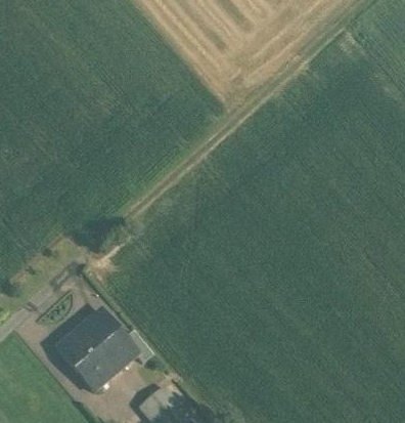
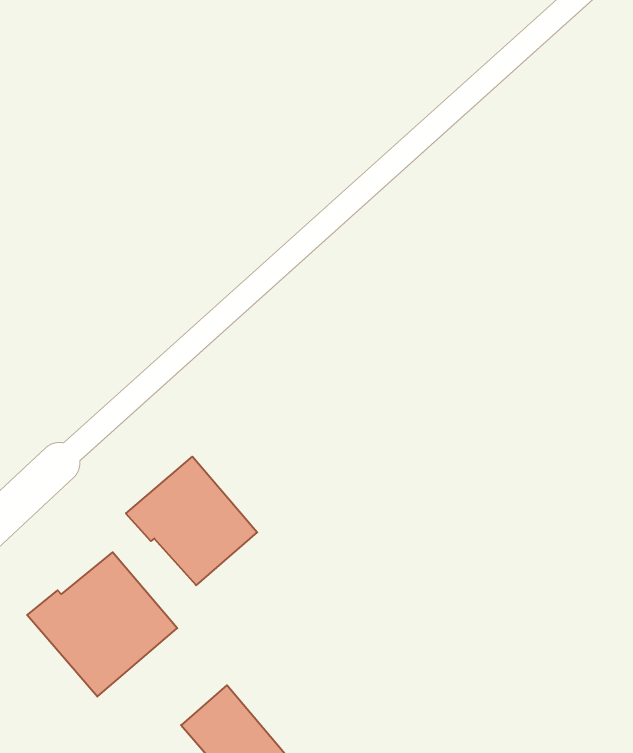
building: none -> [126,457,257,585]

